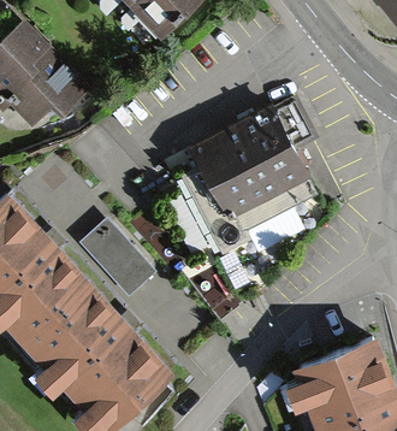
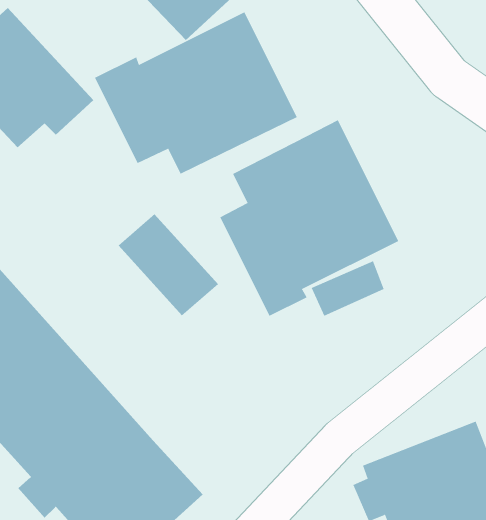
building: none -> [94,11,297,175]
building: [82,223,158,300] -> [118,214,219,316]

